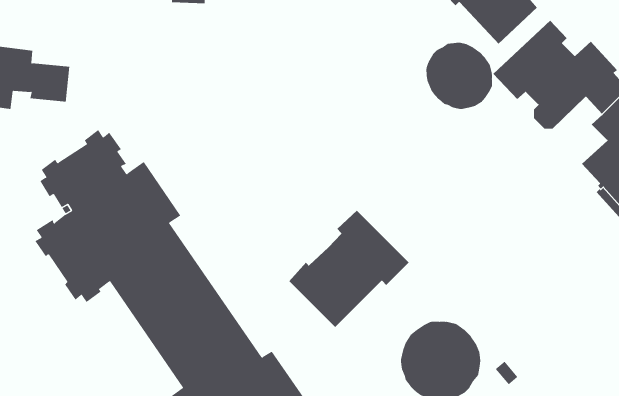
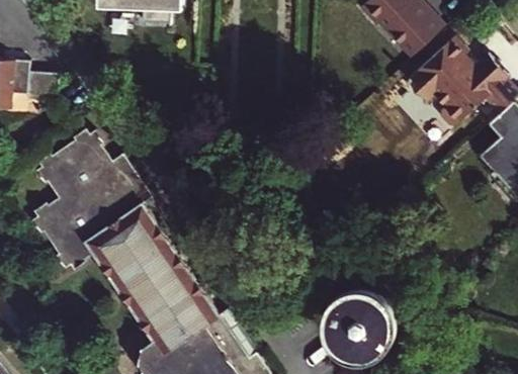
building: [426,42,493,110] -> none
building: [288,210,409,328] -> none

